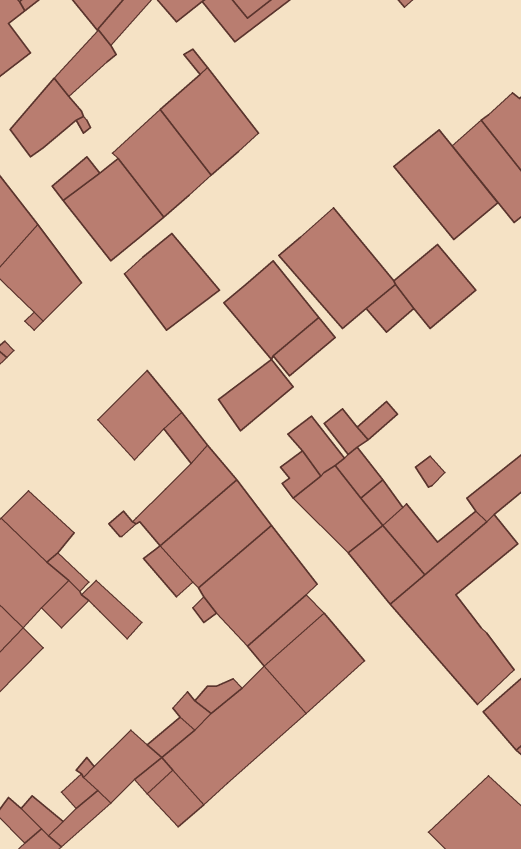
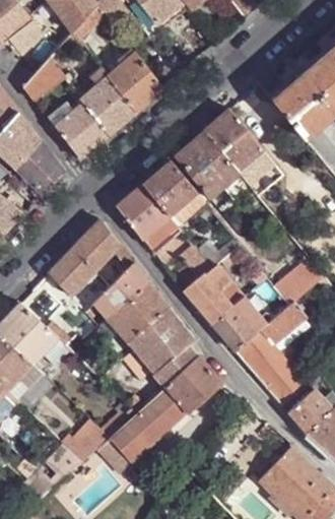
building: [394,130,498,239] -> [204,110,262,171]
building: [124,234,219,330] -> [117,183,170,237]
building: none -> [48,248,93,296]

